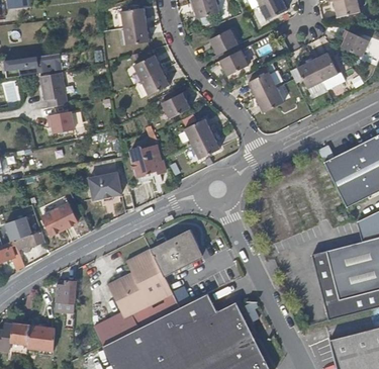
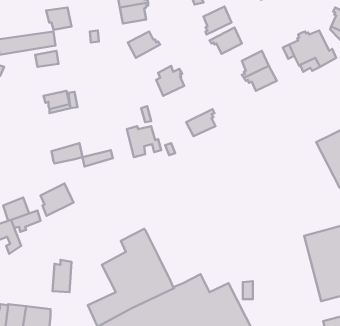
building: [141,65,170,92] -> none
building: [42,84,68,106] -> [46,8,71,30]
building: [185,116,218,143] -> none
building: [90,179,121,199] -> [51,143,83,163]
building: [151,232,202,277] -> none

